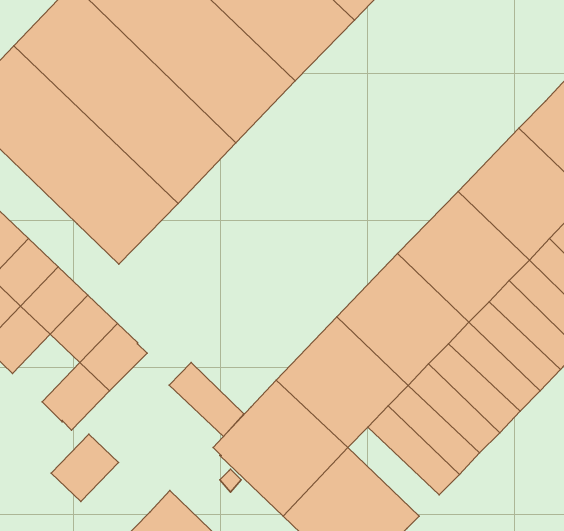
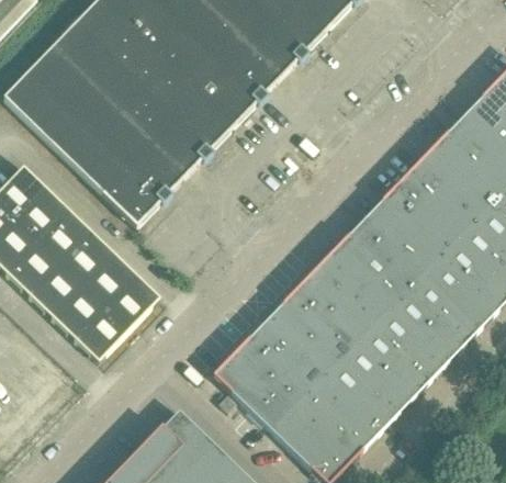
building: [169,363,244,436] -> none
building: none -> [324,358,398,430]
building: [51,434,118,501] -> [50,282,105,337]

